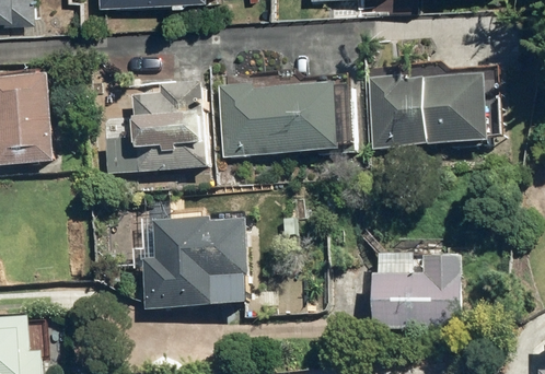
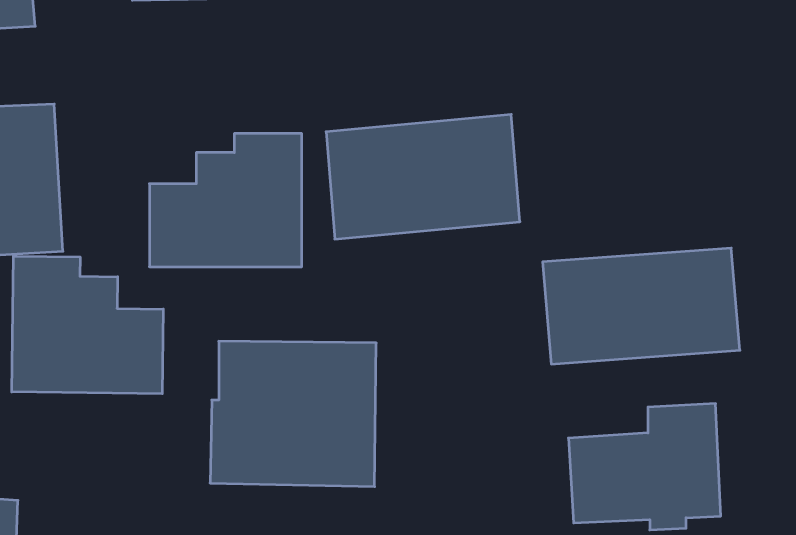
building: [363,68,488,141] -> [543,248,740,364]
building: none -> [12,256,163,394]

